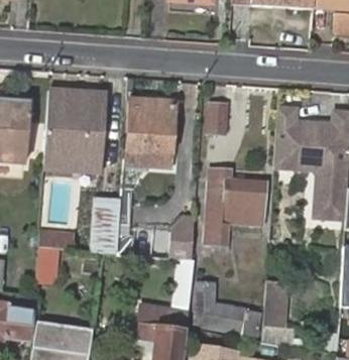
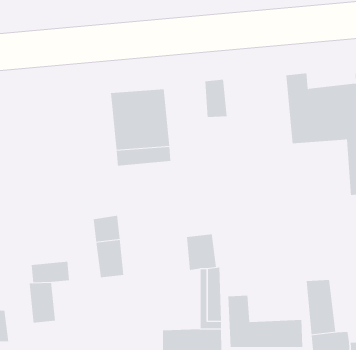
building: [42,88,106,170] -> none
building: [207,167,266,243] -> none

